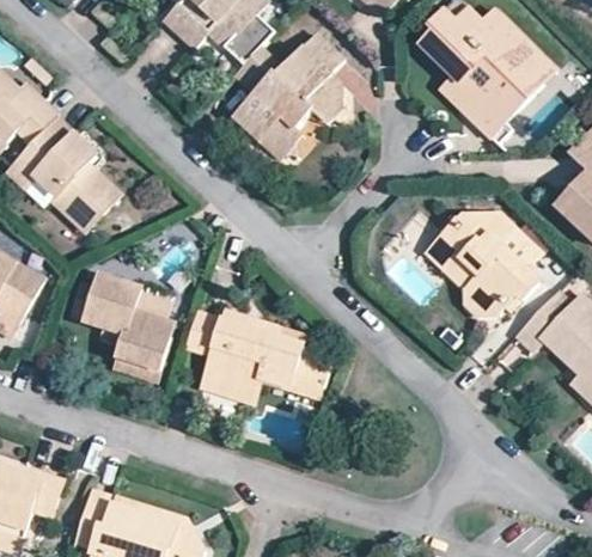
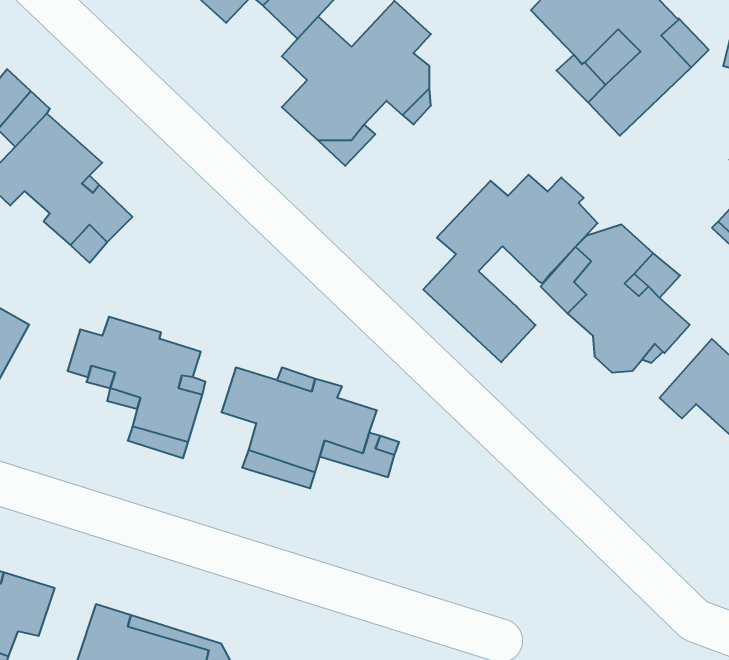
building: none -> [423,175,598,362]

